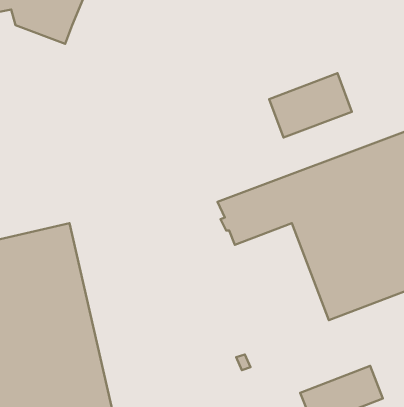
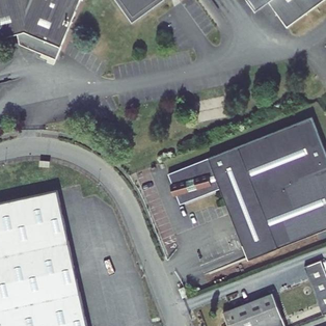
building: [269,73,352,138] -> none

